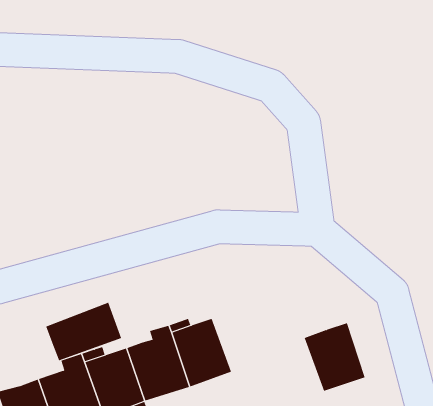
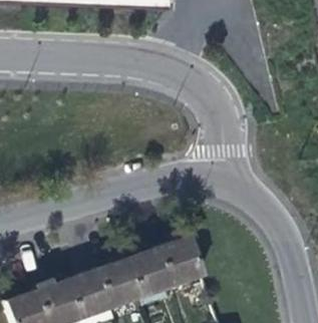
building: [45,302,122,361] -> none
building: [304,323,366,391] -> [157,236,202,285]

